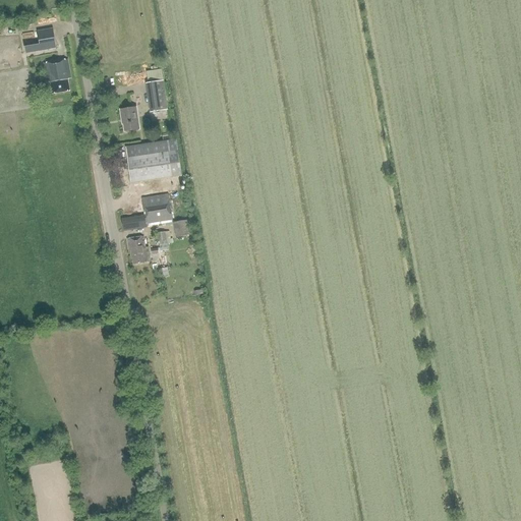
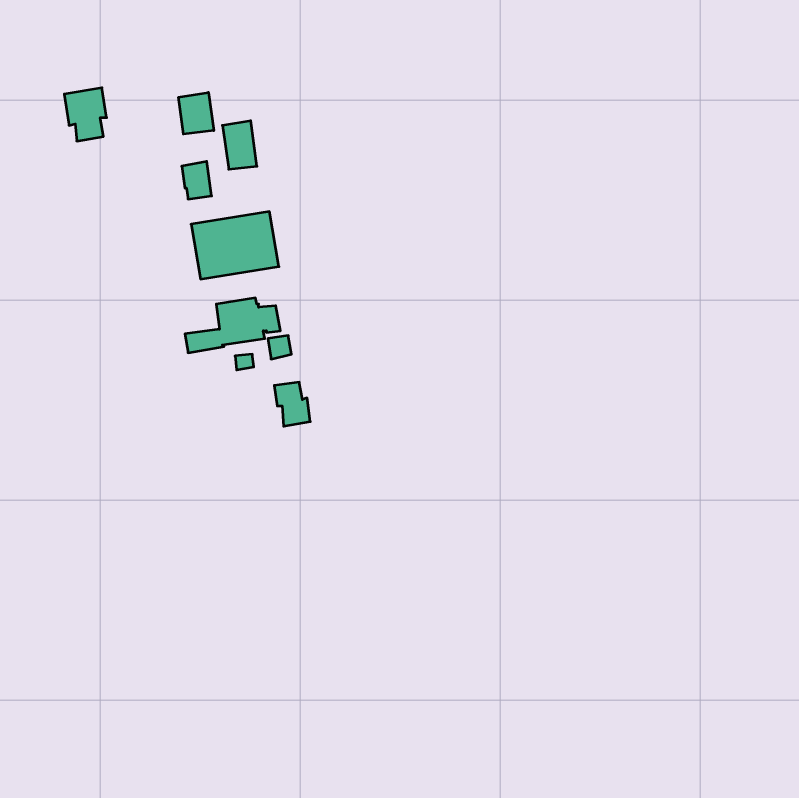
building: [23,26,55,52] -> none
building: none -> [179,92,214,134]
building: [125,234,149,263] -> [274,382,310,426]

